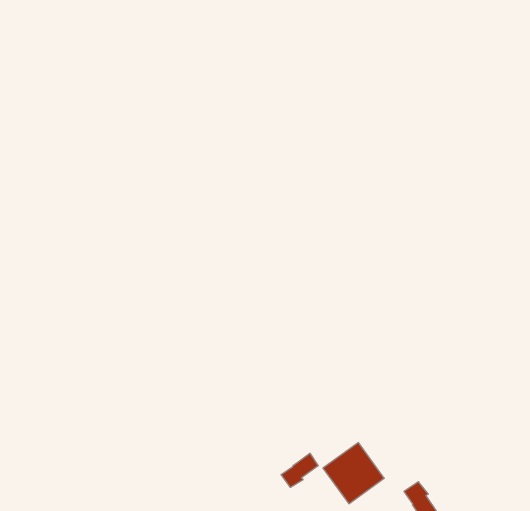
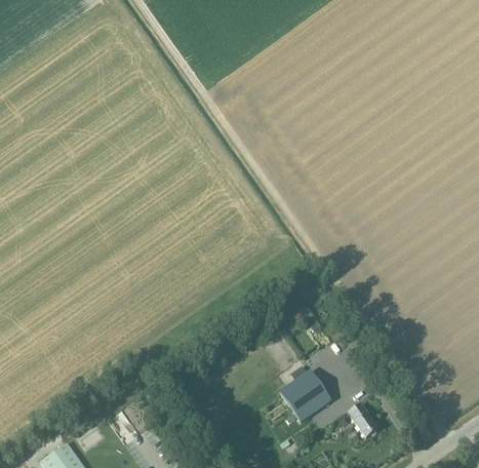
building: [281,453,318,487] -> none

